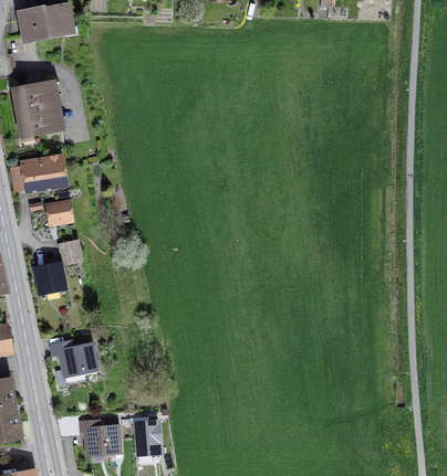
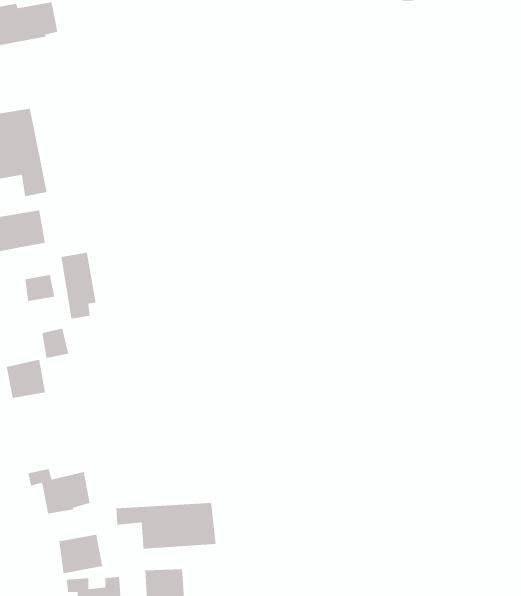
building: none -> [60,252,97,319]
building: none -> [115,502,216,549]
building: none -> [58,534,103,574]

